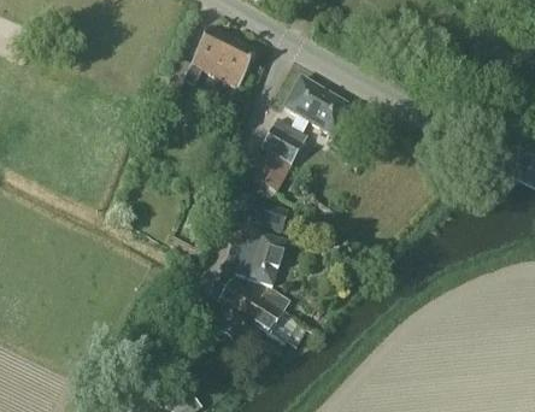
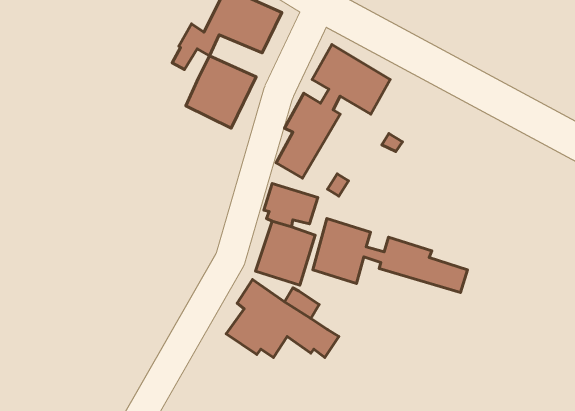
building: none -> [186,56,256,128]
building: none -> [313,219,467,293]

